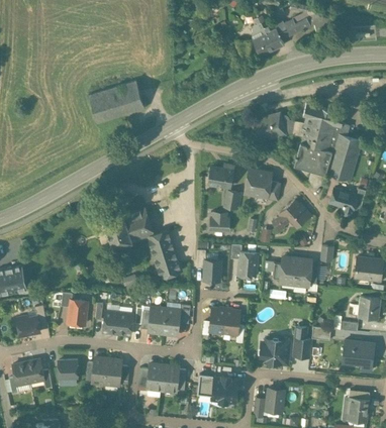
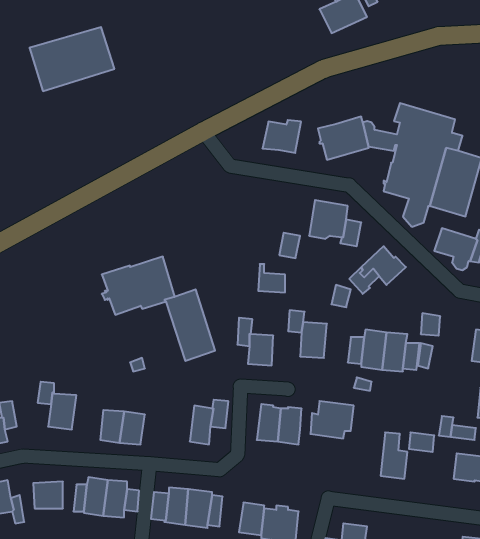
building: [88,81,146,124] -> [29,27,114,91]
building: [207,166,233,188] -> [262,120,301,153]
building: [148,308,167,333] -> none
building: [260,339,289,364] -> [310,401,354,438]

